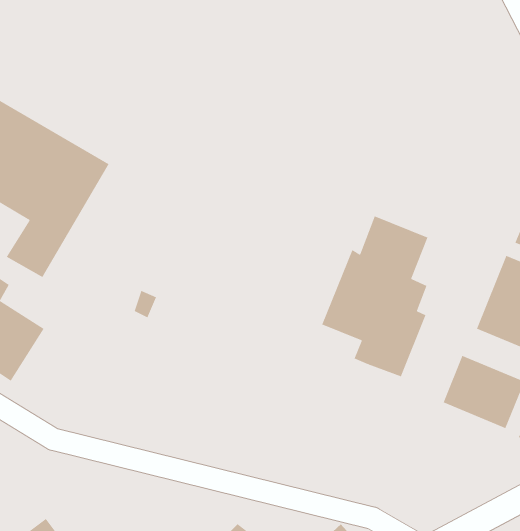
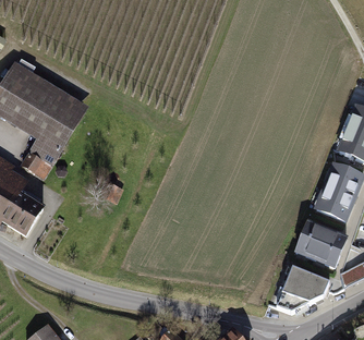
building: [322,215,428,377] -> none
building: none -> [281,269,331,312]

